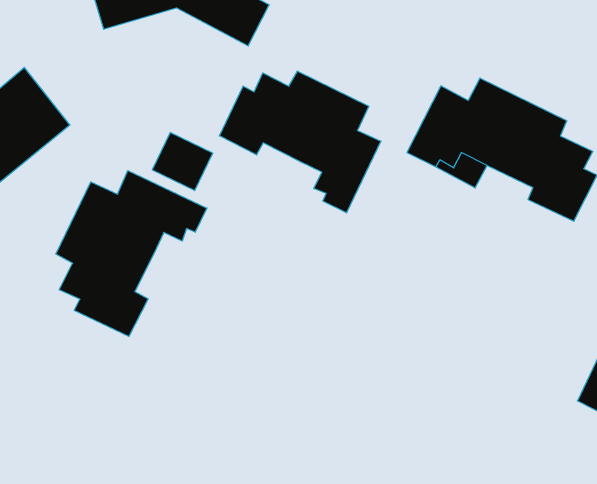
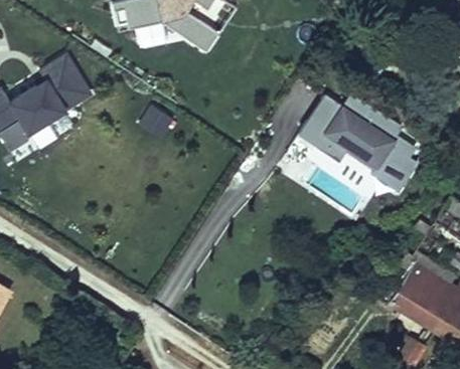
building: [219,71,381,213] -> none
building: [56,171,207,336] -> none

